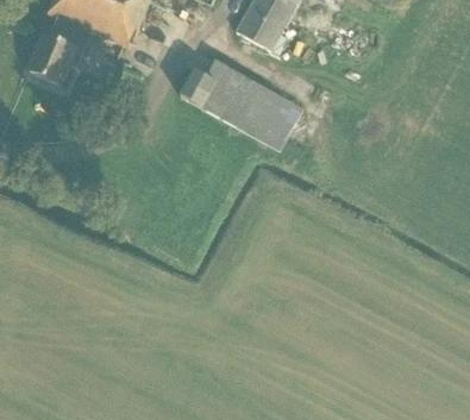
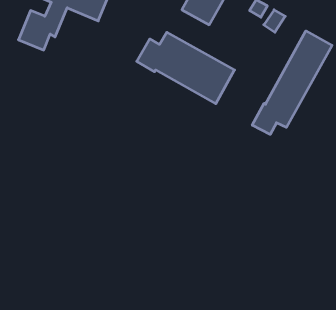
building: none -> [252,31,332,134]

